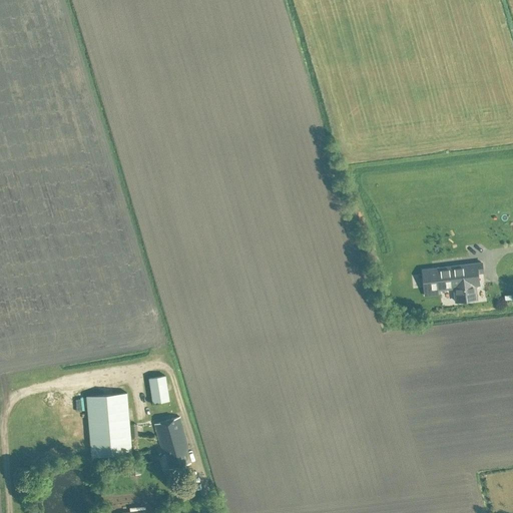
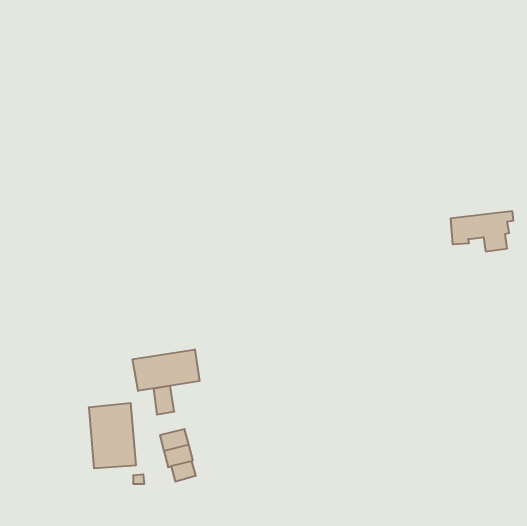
building: [422,264,483,303] -> [451,211,513,251]
building: none -> [133,349,199,391]

